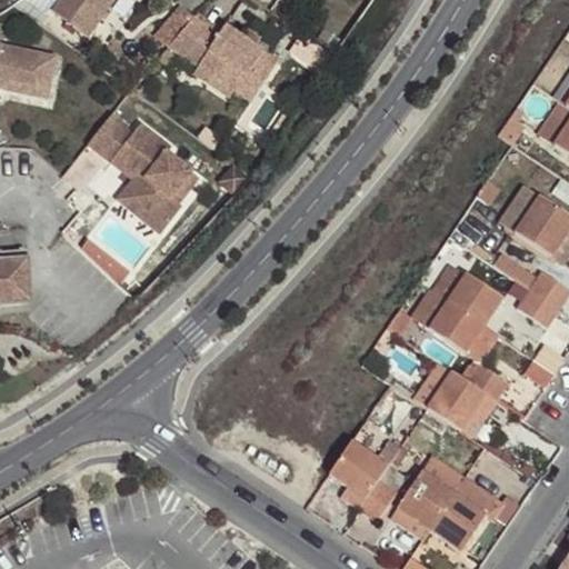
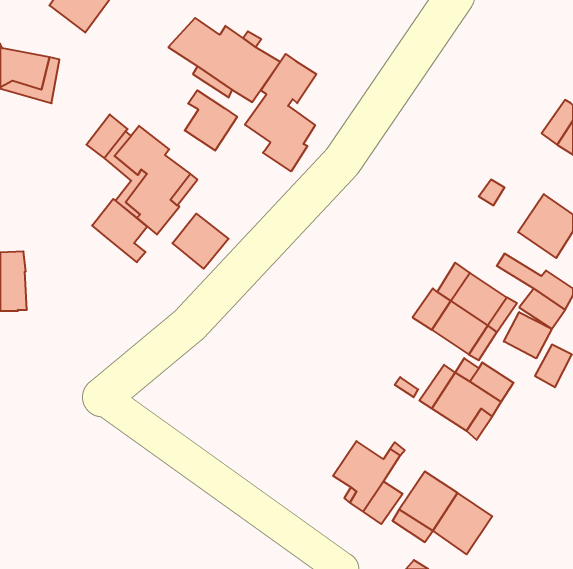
building: none -> [245,54,316,171]
building: none -> [185,90,237,151]
building: none -> [92,199,147,262]
building: none -> [172,214,229,269]
building: none -> [504,312,552,358]

